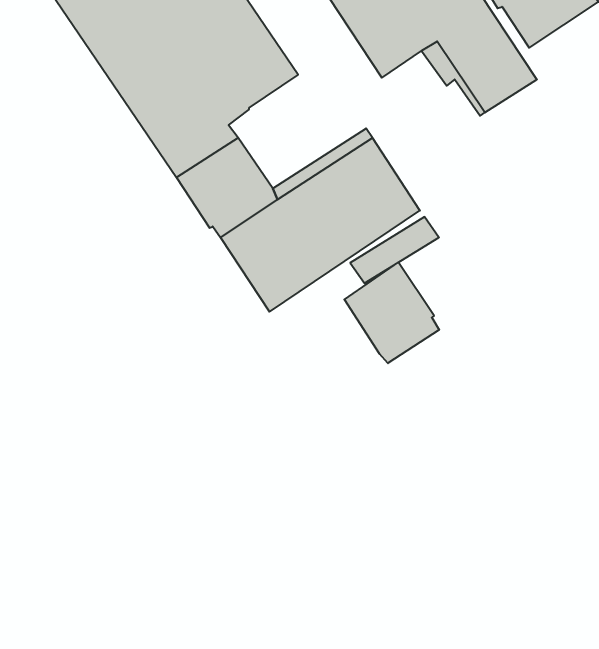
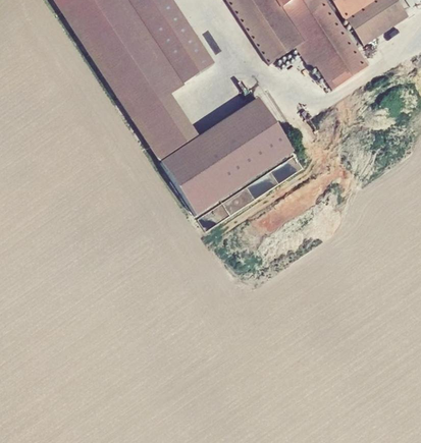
building: [344,262,439,363] -> none

